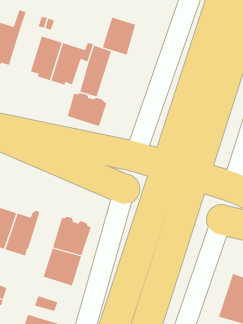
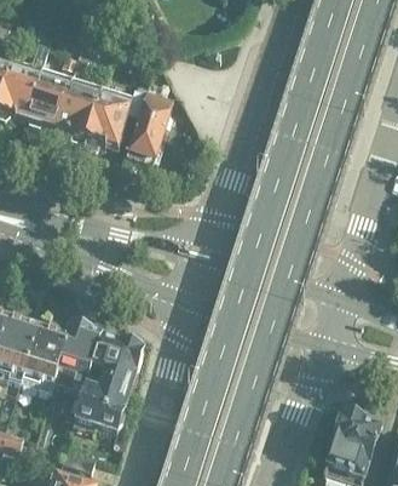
building: [102,17,136,56] -> none
building: none -> [25,65,70,126]
building: [67,93,107,127] -> none
building: none -> [52,321,99,389]

